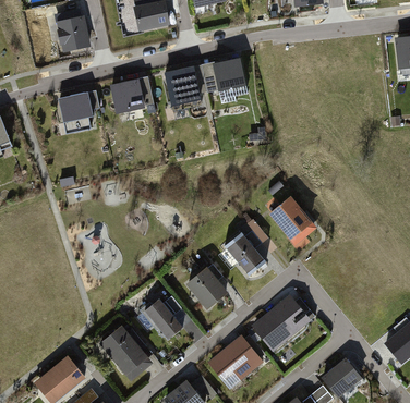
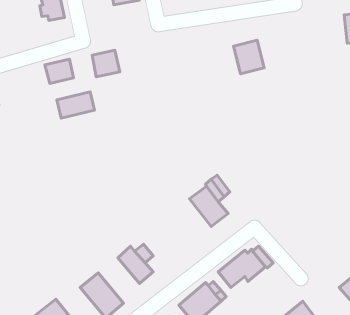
building: [210,59,244,96] -> [234,40,264,74]
building: [166,70,201,109] -> none
building: none -> [57,92,95,118]
building: [270,197,315,244] -> none
building: [186,269,224,307] -> none

